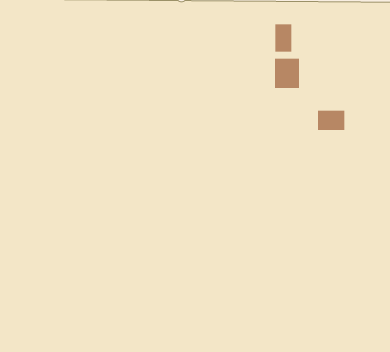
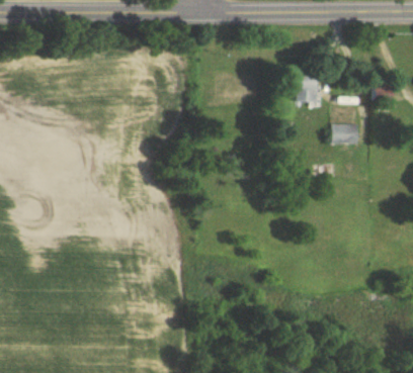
building: [275,23,292,52] -> none

